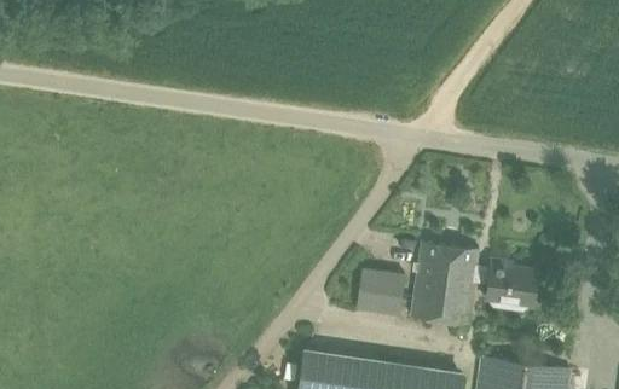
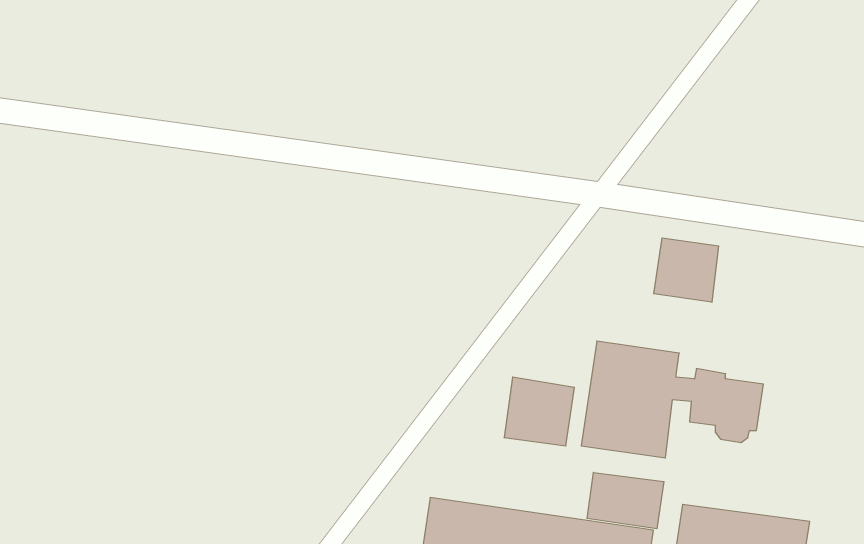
building: none -> [654,238,719,302]
building: none -> [587,472,664,529]

